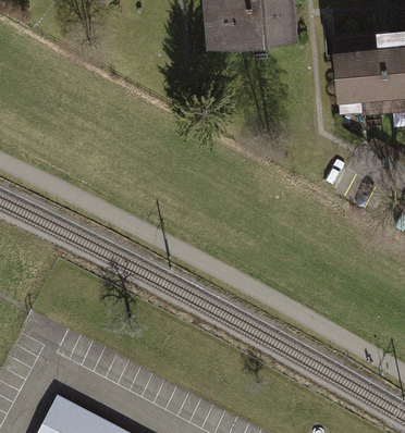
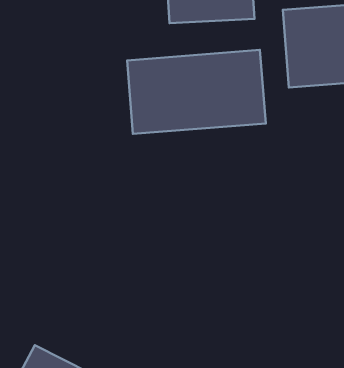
building: none -> [127,50,266,134]

